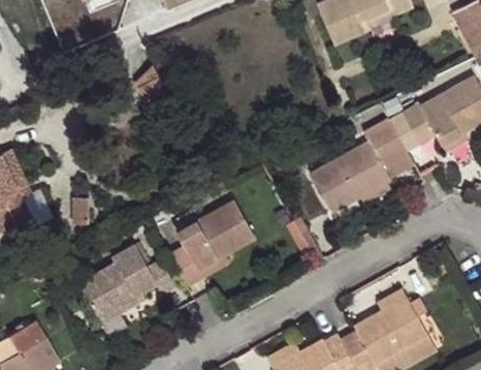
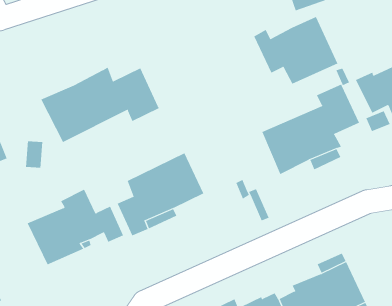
building: none -> [253,16,338,85]
building: none -> [40,66,160,143]

